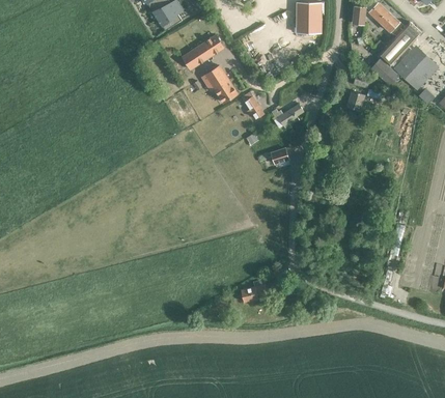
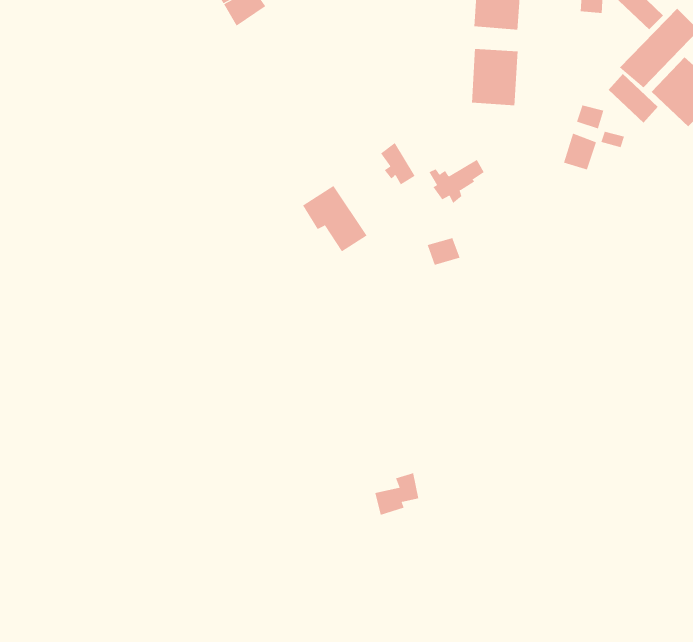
building: [182,34,224,69] -> none
building: none -> [471,48,518,106]
building: [201,65,238,103] -> [302,185,368,252]

